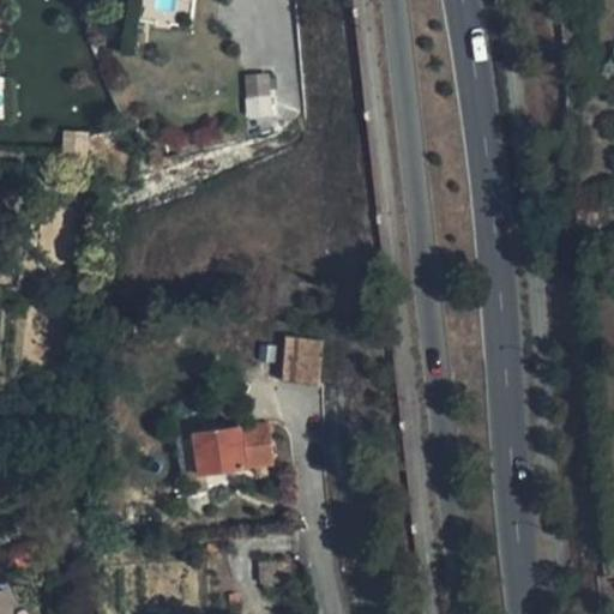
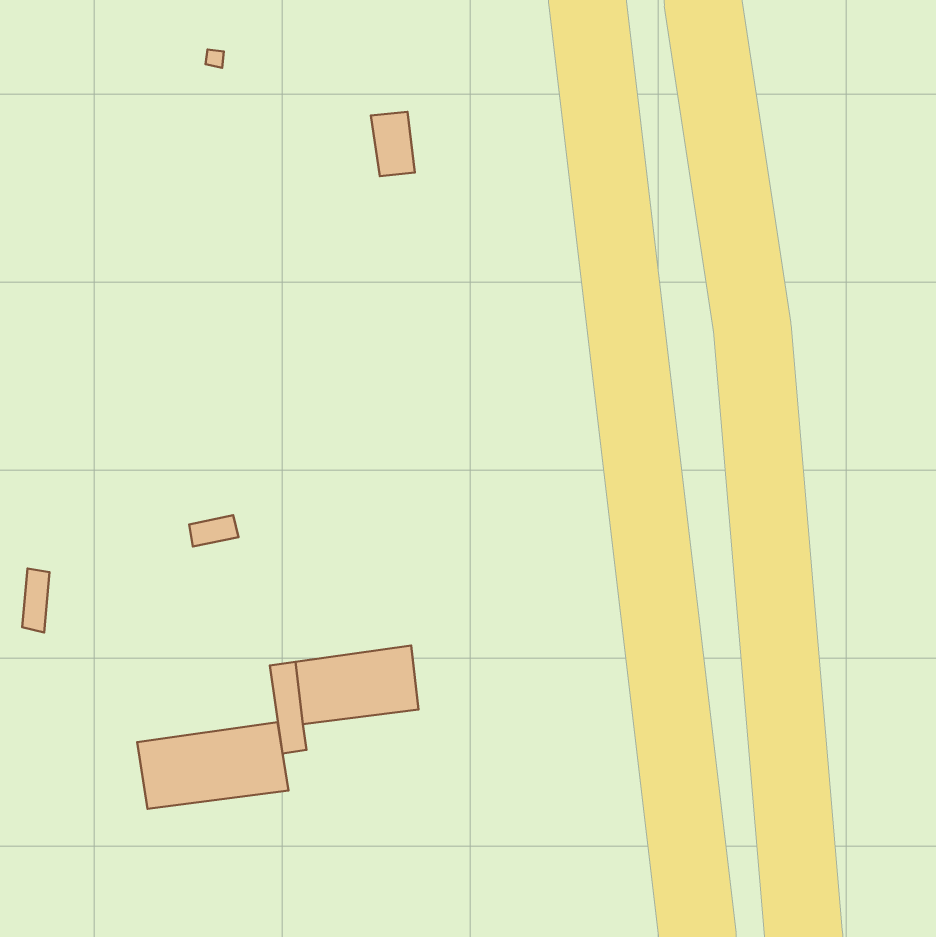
building: [283,336,323,386] -> none
building: none -> [137,722,288,809]

